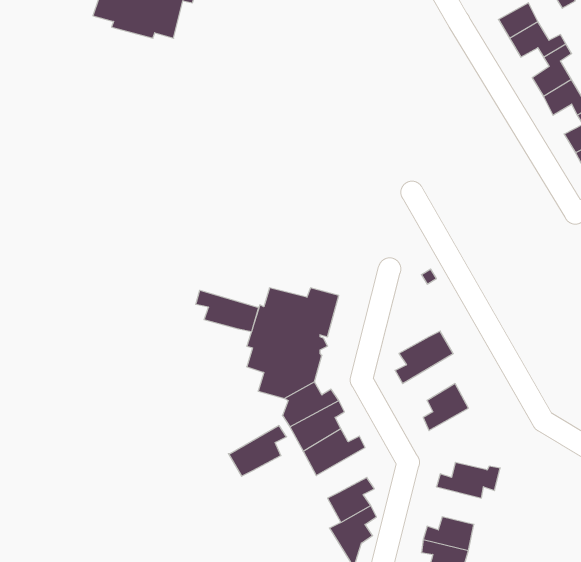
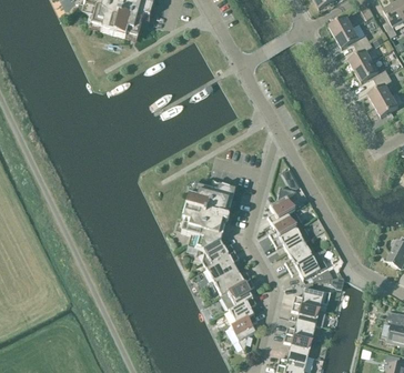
building: [196,290,258,332] -> none
building: none -> [266,185,295,222]
building: none -> [272,222,310,250]
building: none -> [287,250,325,278]
building: [228,426,287,476] -> [220,278,254,308]
building: none -> [291,301,324,324]

